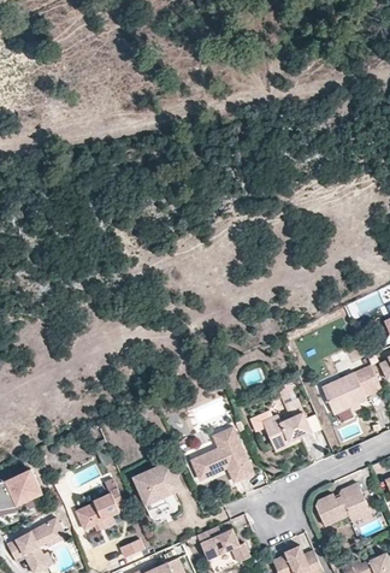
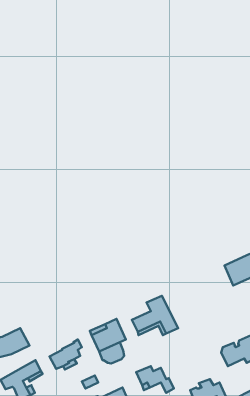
building: [261,397,309,450] -> none

